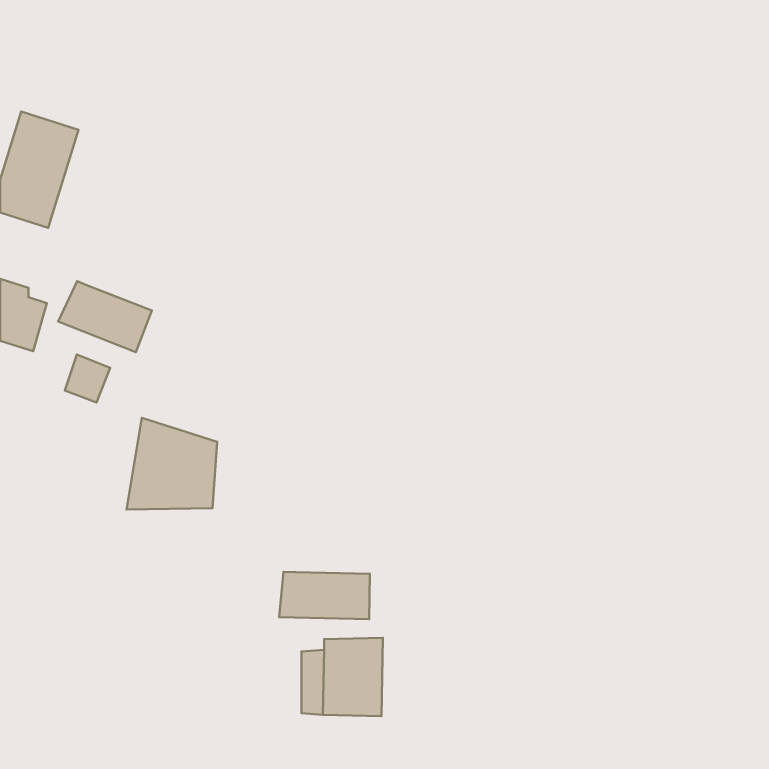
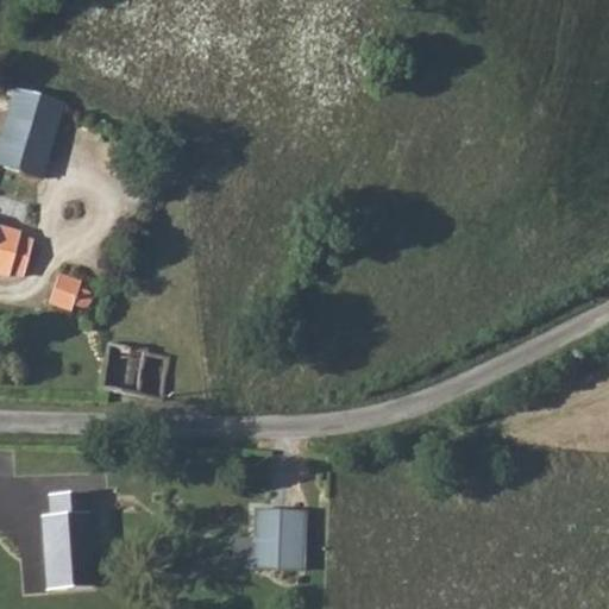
building: [58,281,152,352] -> none
building: [279,572,370,619] -> none
building: none -> [36,491,86,588]

